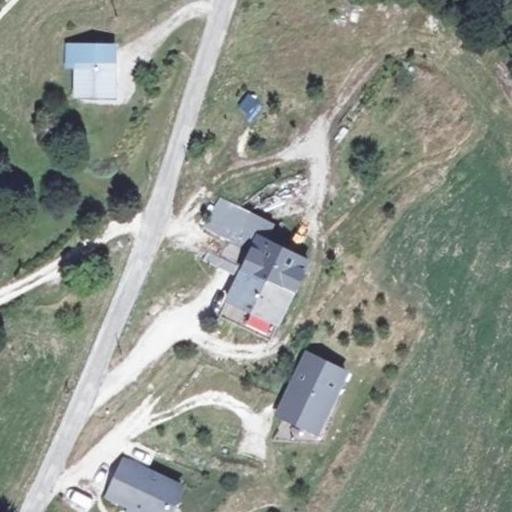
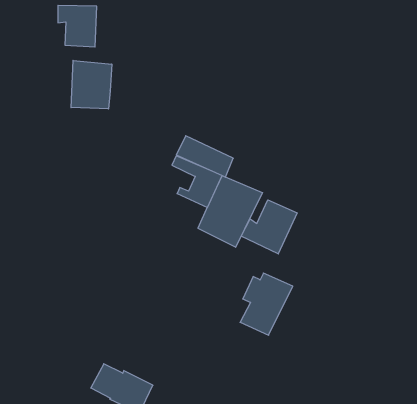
building: none -> [71,60,112,109]
building: none -> [241,200,297,254]

